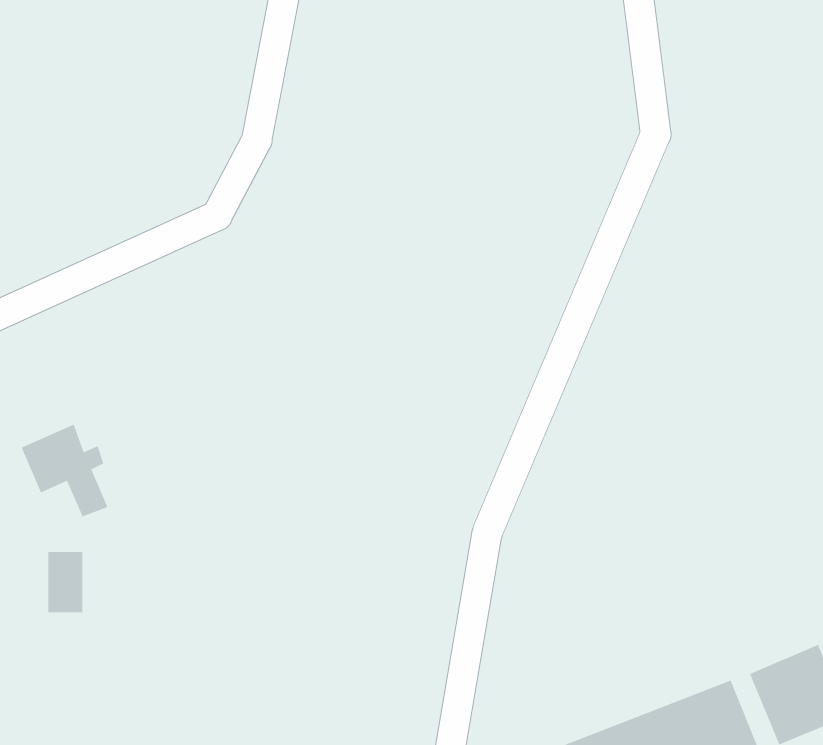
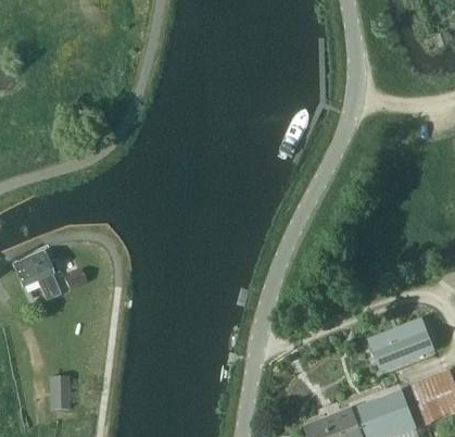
building: none -> [368,316,434,370]
building: [48,551,83,613] -> [50,375,69,409]

